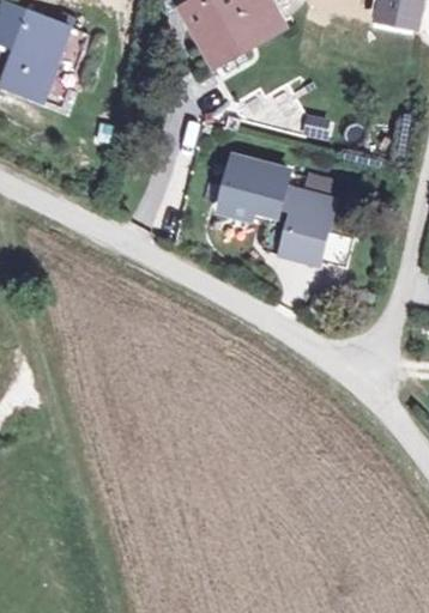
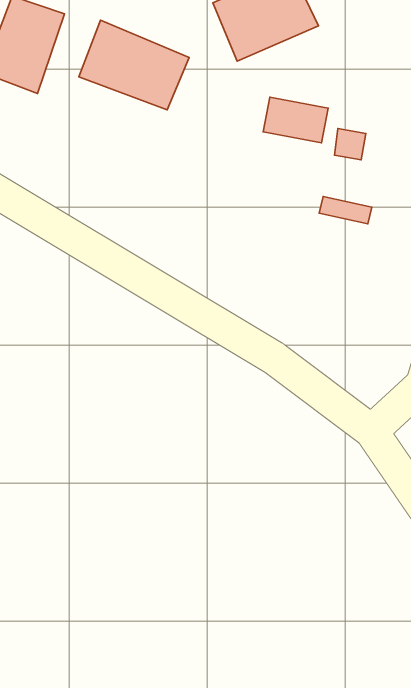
building: none -> [79,20,189,110]
building: [222,159,333,255] -> none

